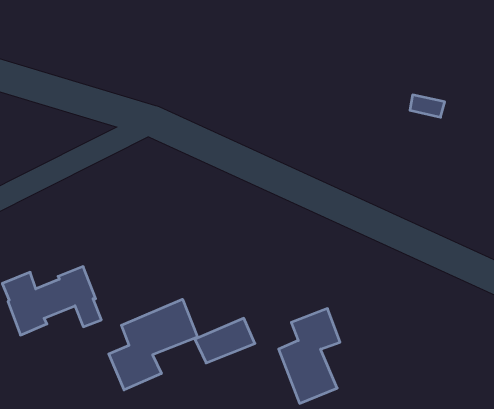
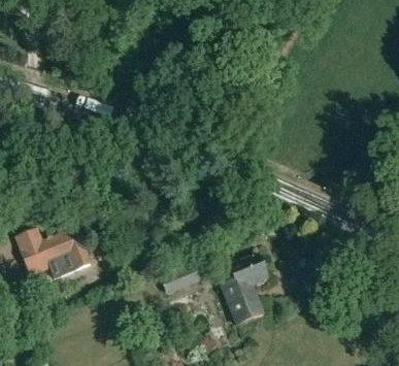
building: [109,299,198,390] -> none

